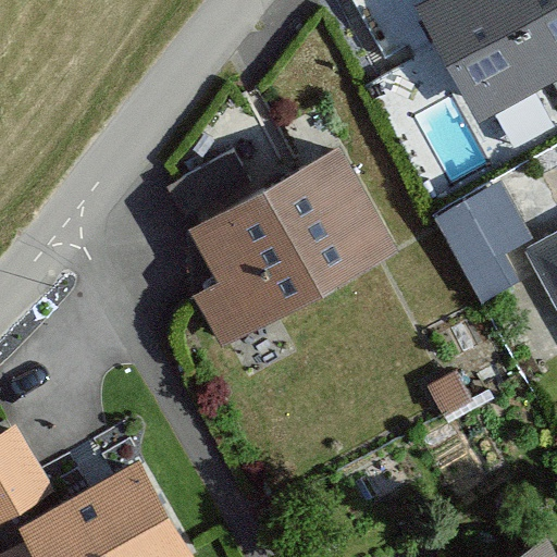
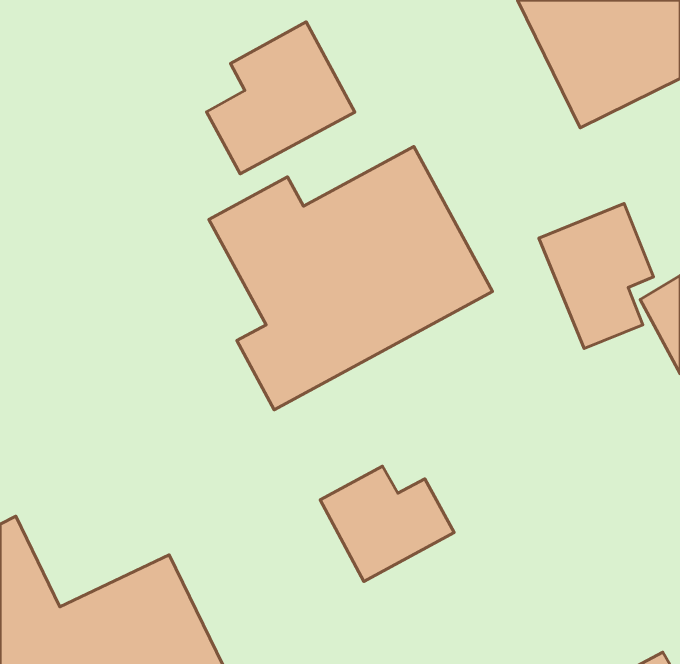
building: none -> [207,22,355,174]
building: none -> [320,466,454,581]

